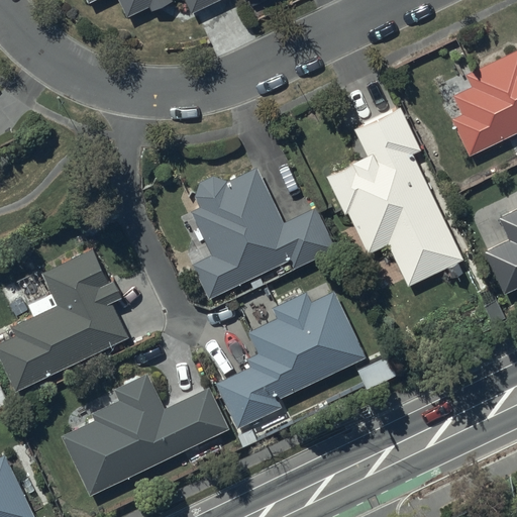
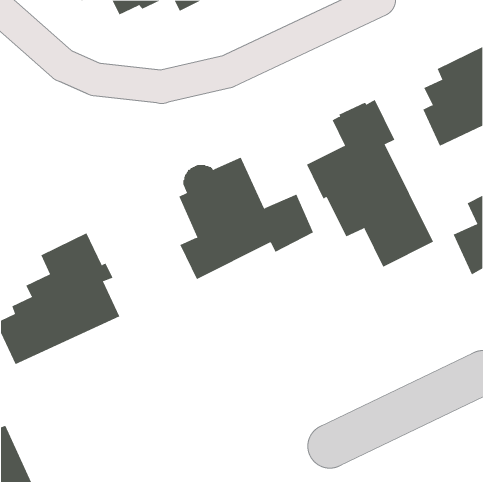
building: [215,293,364,428] -> none
building: [62,374,229,496] -> none

